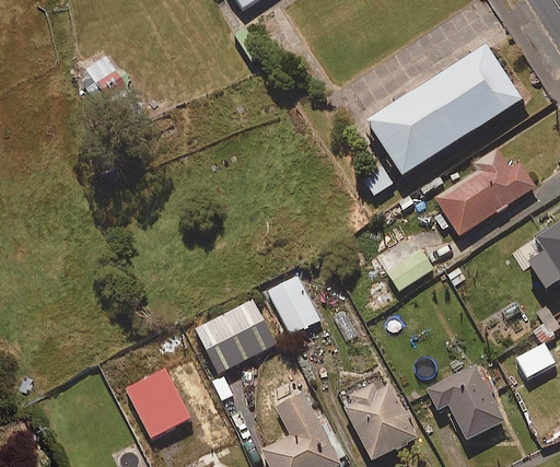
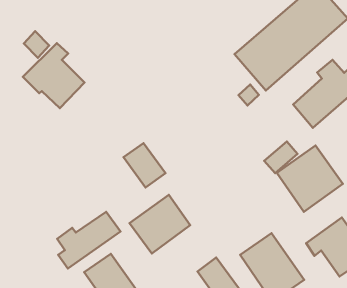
building: none -> [23,43,85,108]
building: none -> [277,146,343,212]
building: [267,273,320,334] -> [123,143,166,188]
building: none -> [57,212,121,269]

